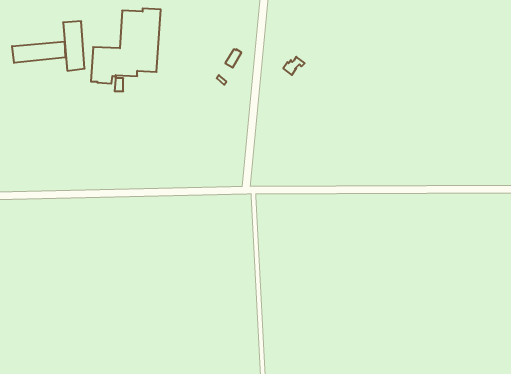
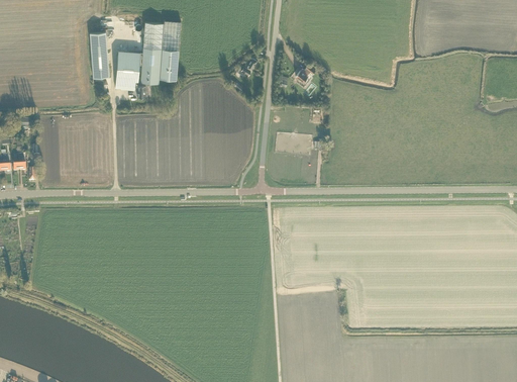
building: [12,41,65,63] -> none

